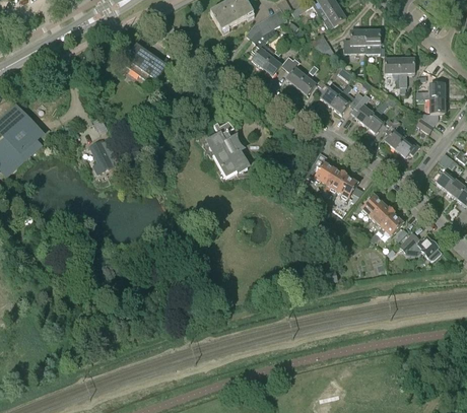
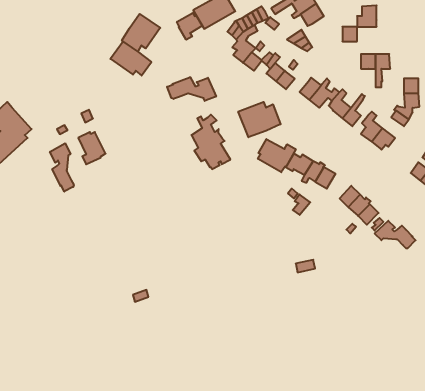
building: none -> [177,13,202,40]
building: none -> [122,14,160,52]
building: [345,29,365,52] -> [357,5,377,27]
building: none -> [167,77,216,101]
building: none -> [238,102,281,137]
building: none -> [258,139,296,172]
building: none -> [50,143,74,192]

